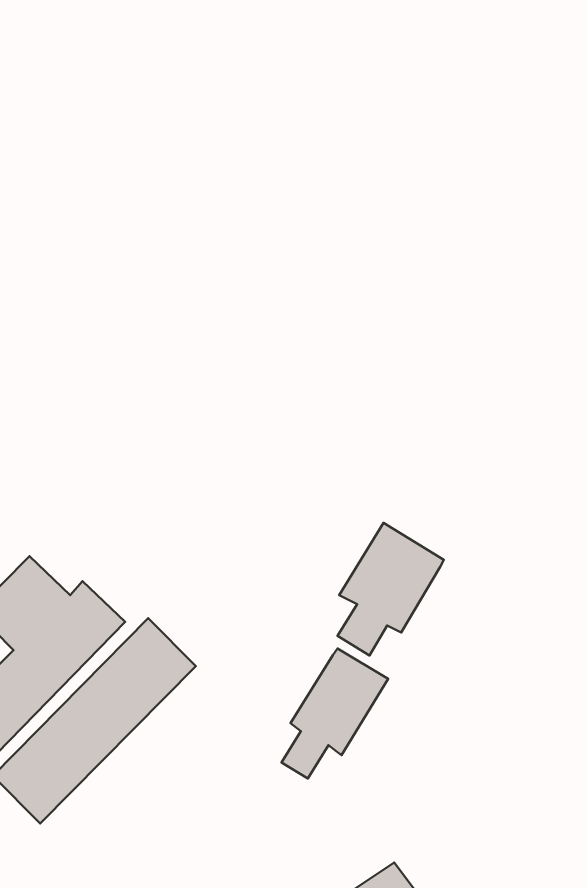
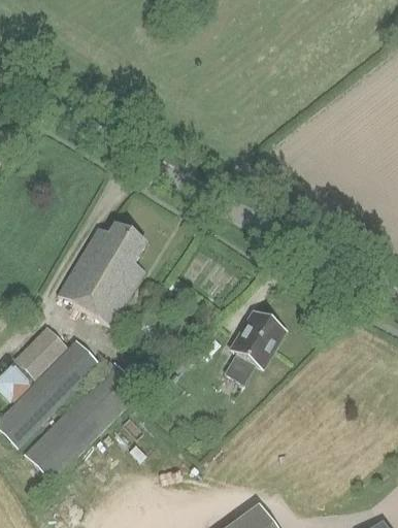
building: none -> [58,223,146,325]
building: [281,648,388,779] -> none

